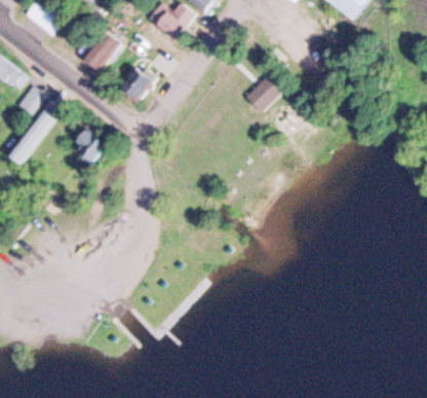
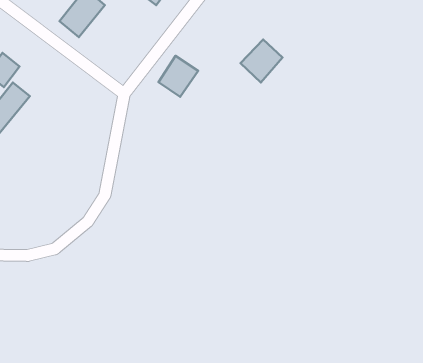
building: [121,65,157,102] -> [158,56,198,97]
building: [74,129,108,164] -> none

